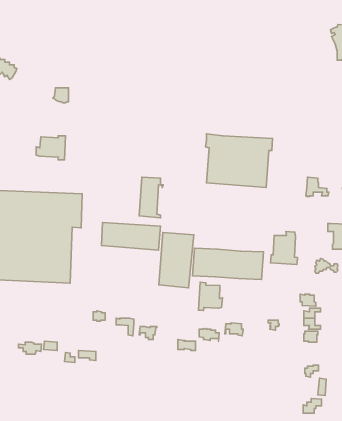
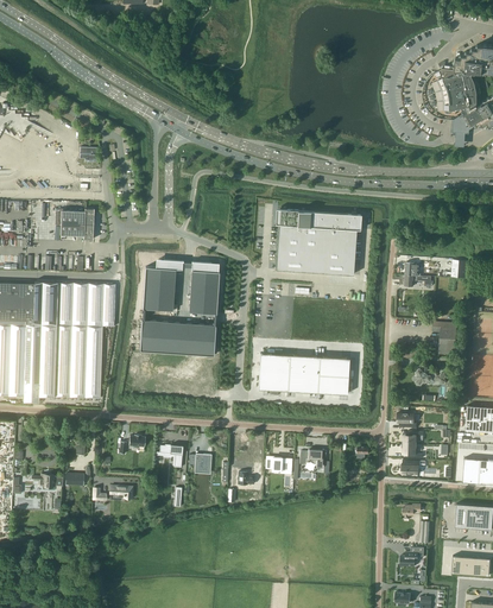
building: none -> [143,260,183,311]
building: [270,231,298,264] -> none
building: [159,232,194,288] -> none
building: [198,282,222,311] -> none

